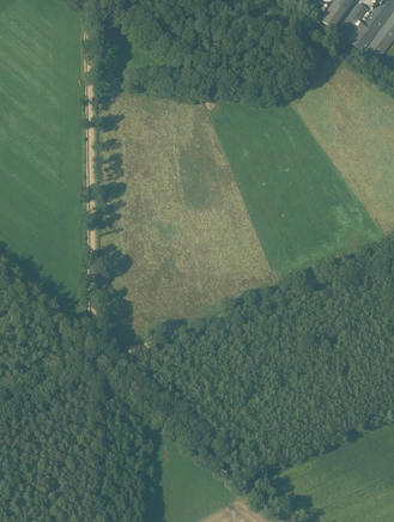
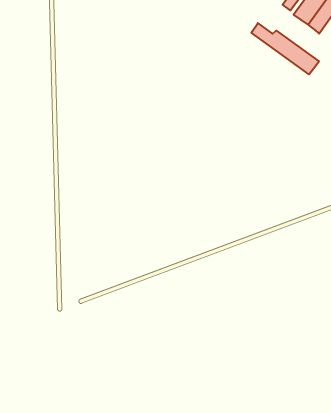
building: none -> [251,23,319,74]

